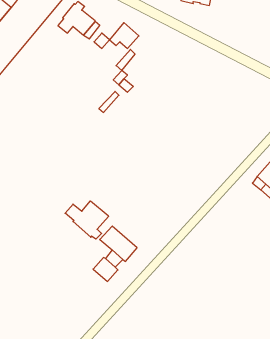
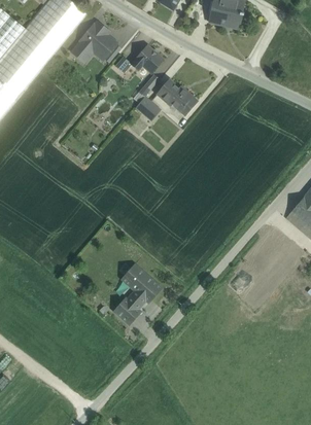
building: none -> [157,79,196,112]
building: [65,201,108,239] -> none

